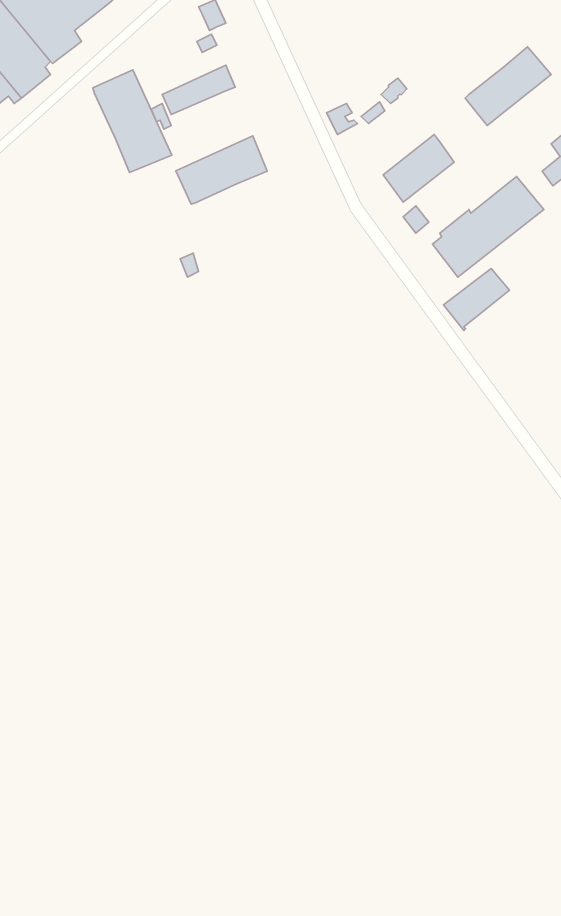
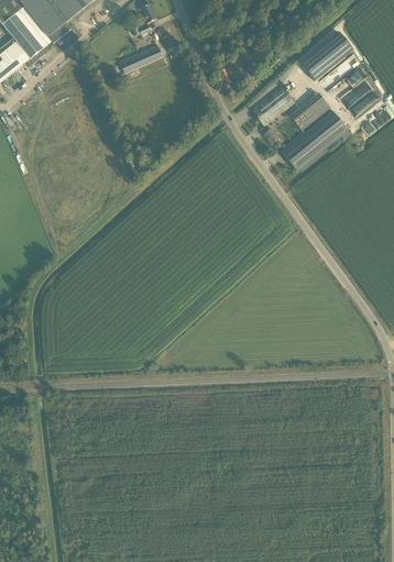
building: [93,70,172,173] -> none
building: [176,136,267,204] -> none
building: [444,268,509,330] -> [291,92,330,130]

